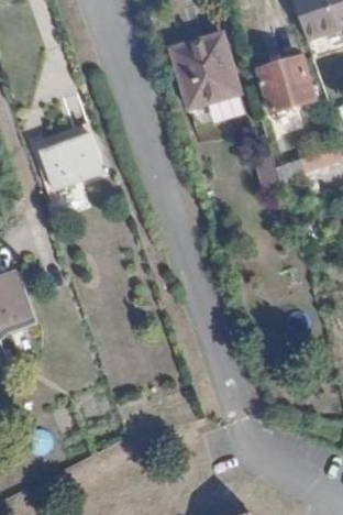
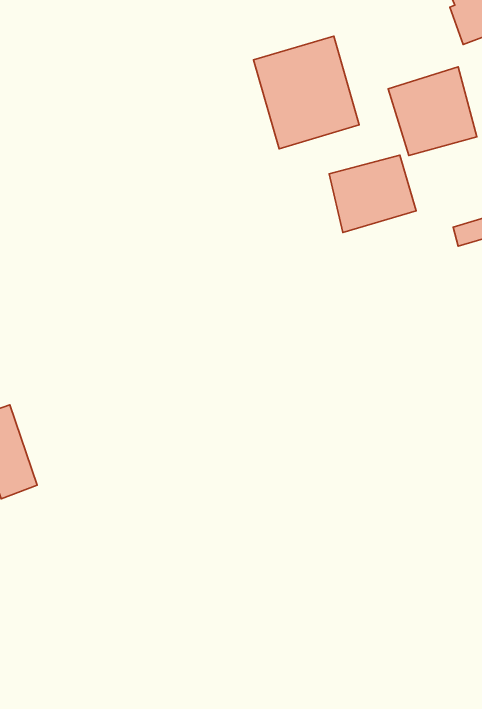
building: none -> [329,155,416,232]
building: [42,136,104,190] -> none

